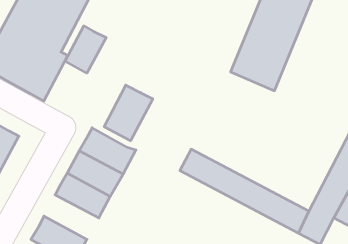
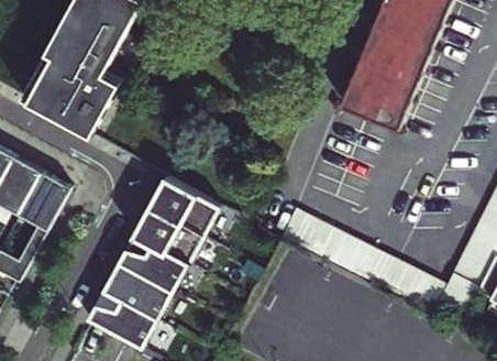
building: [65,26,106,73] -> none
building: [104,85,153,141] -> none
building: none -> [102,263,173,320]

